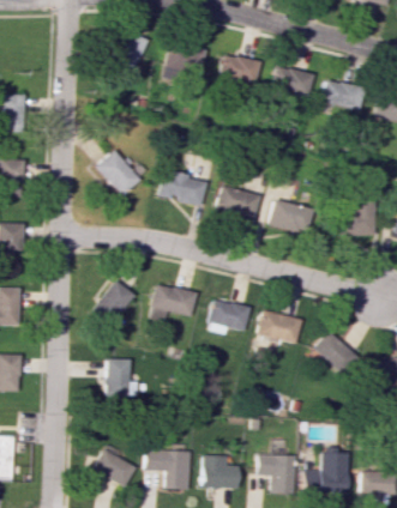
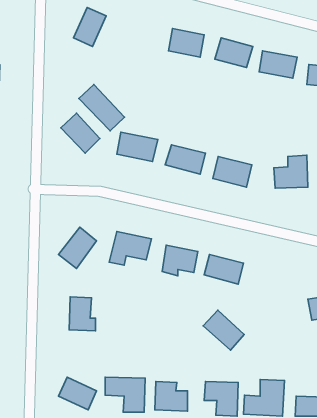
building: [163,44,204,75] -> none
building: none -> [79,84,124,131]
building: [313,331,360,376] -> [203,310,244,350]

